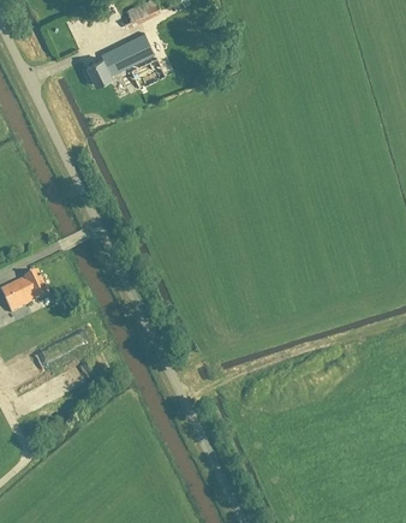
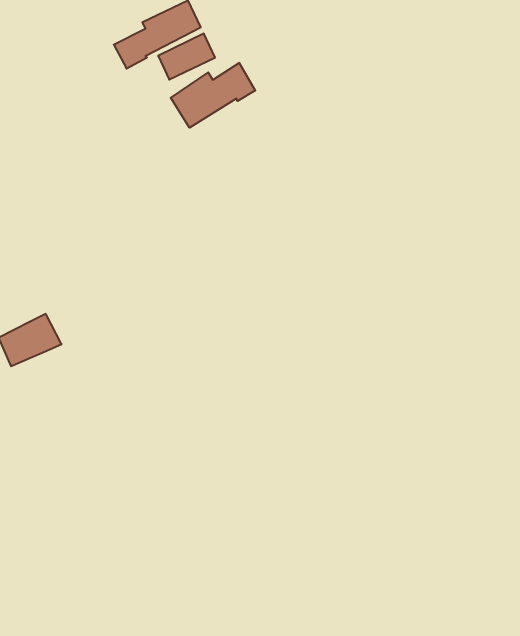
building: none -> [171,63,255,128]

